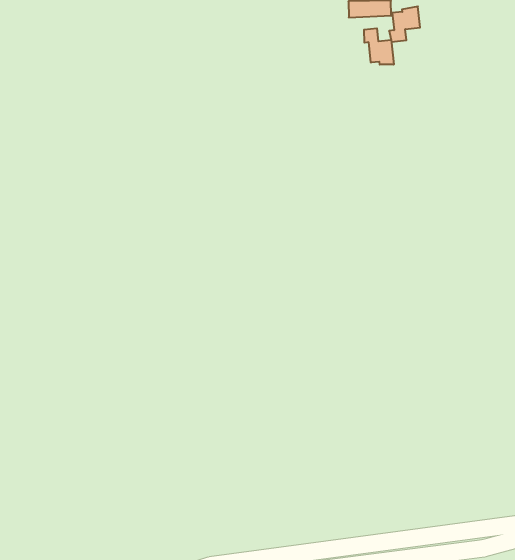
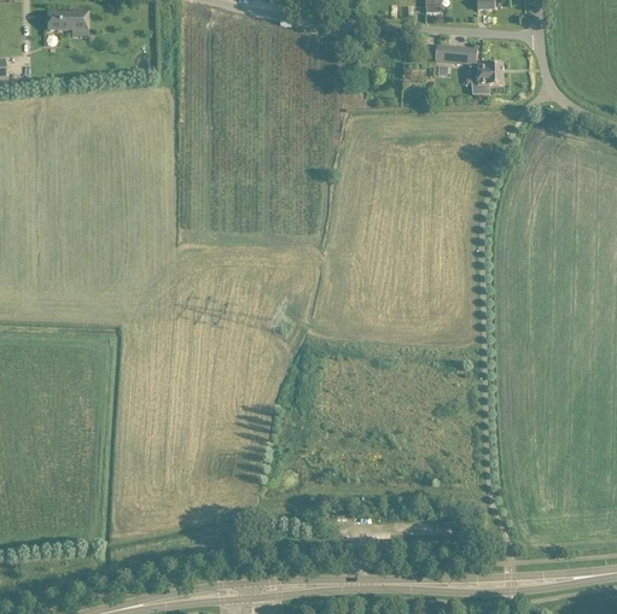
building: [364,28,394,65] -> none

